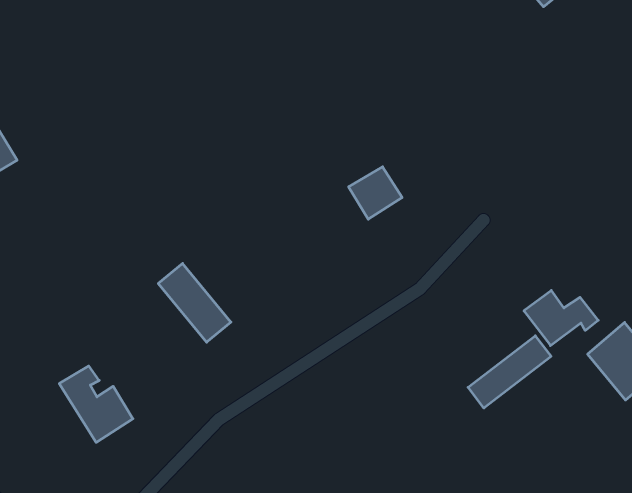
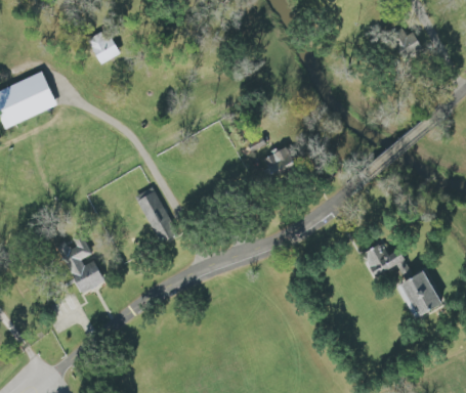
building: none -> [87,29,121,63]
building: [468,336,551,408] -> none

